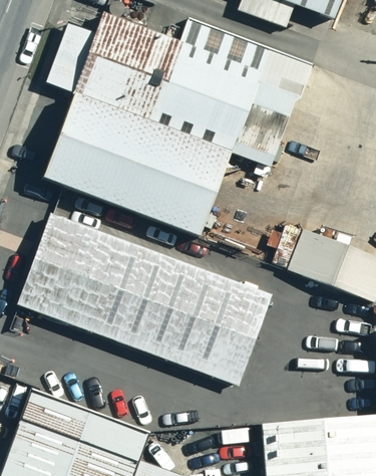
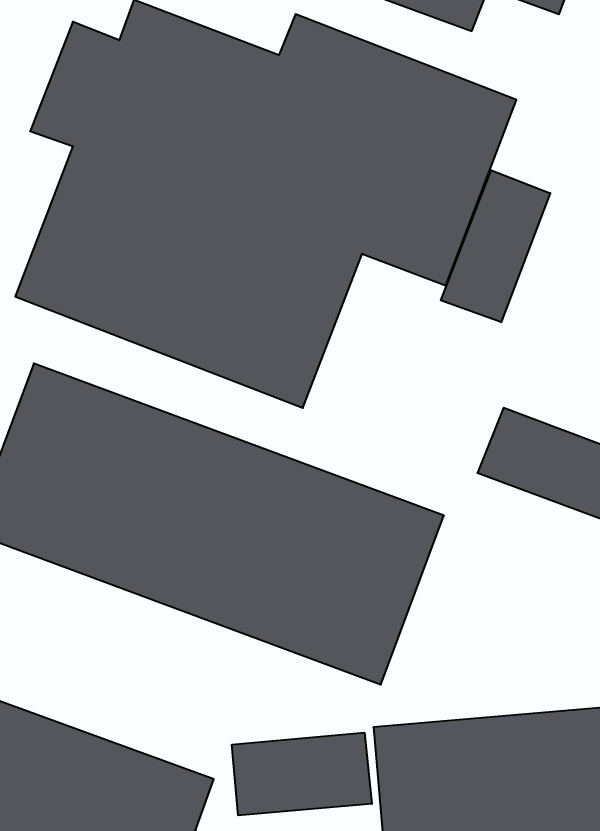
building: none -> [441,170,550,322]
building: none -> [232,733,372,815]

